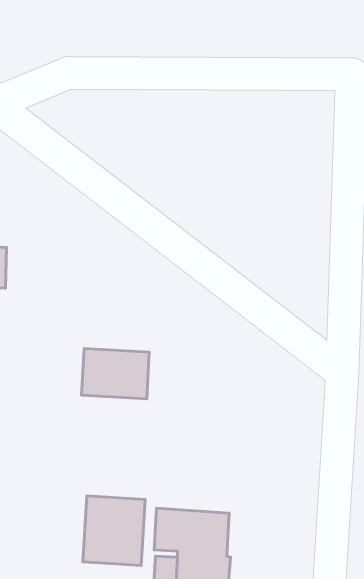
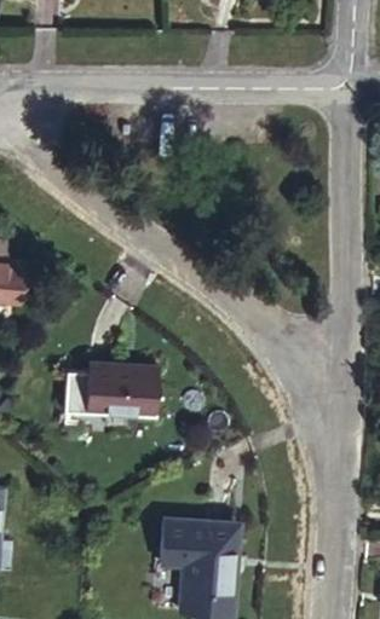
building: [83,496,145,566] -> none

